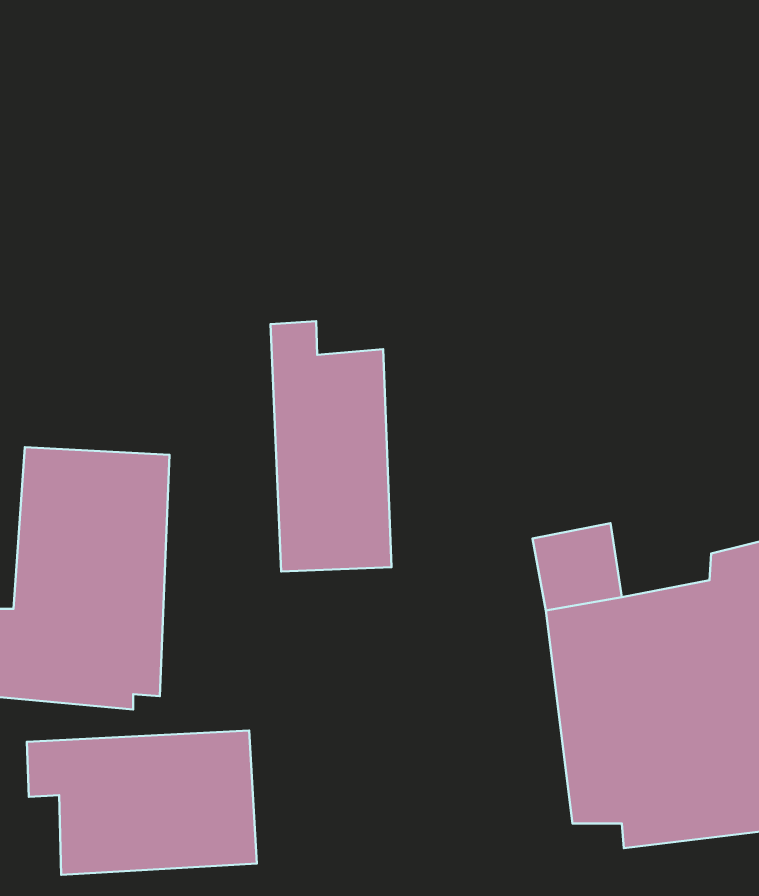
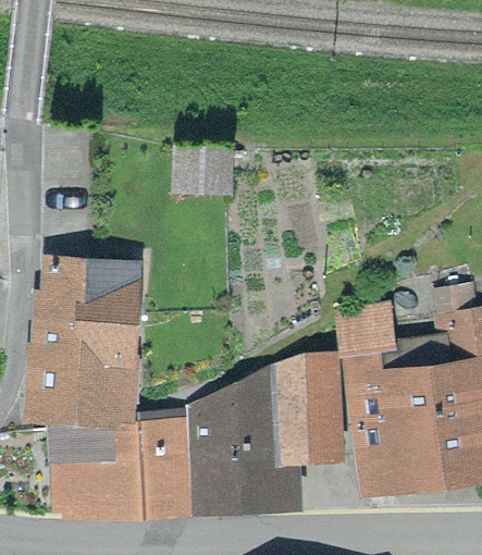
building: [270,321,392,572] -> none
building: none -> [196,371,338,505]

